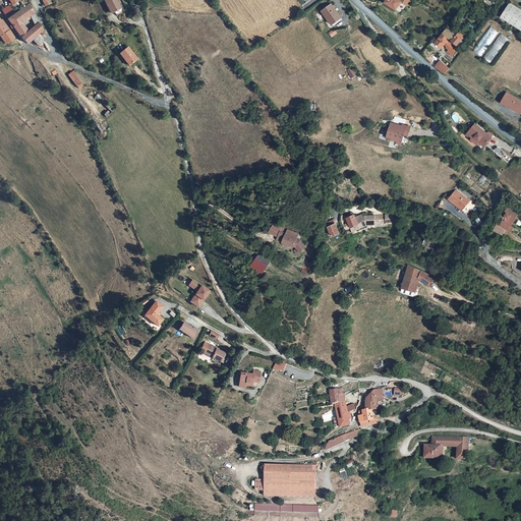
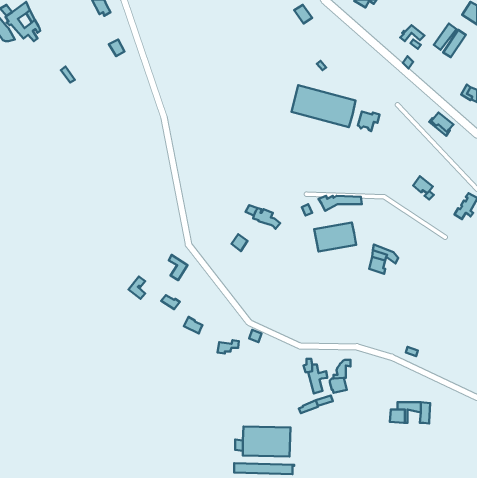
building: none -> [292,85,356,127]
building: none -> [314,222,356,251]

